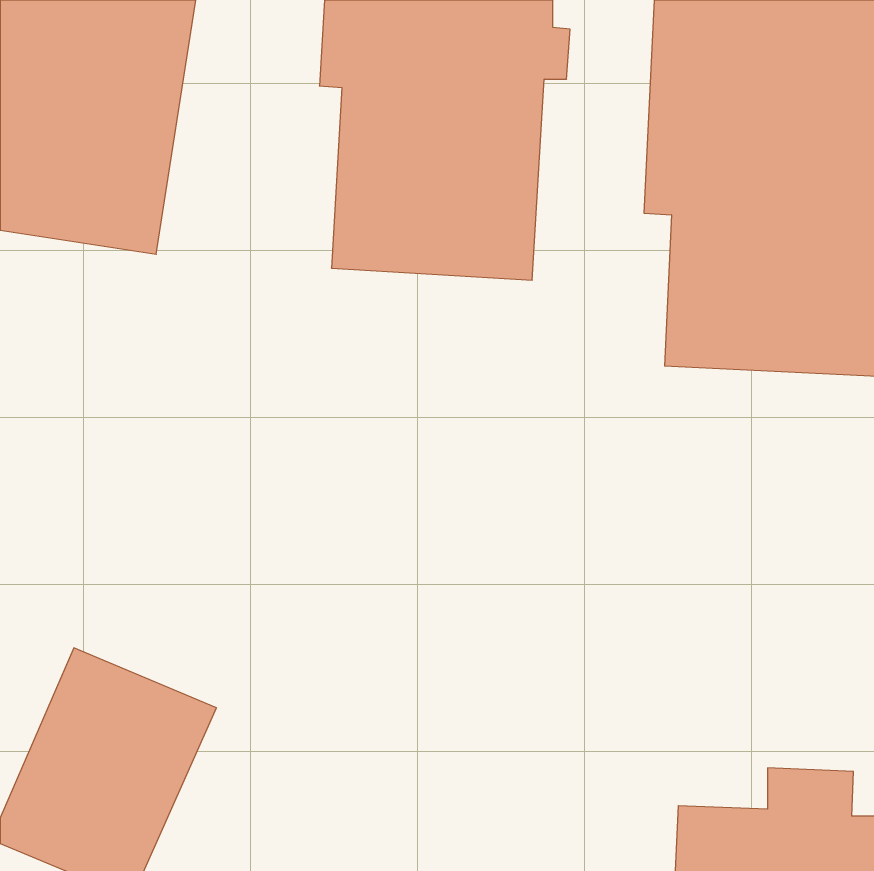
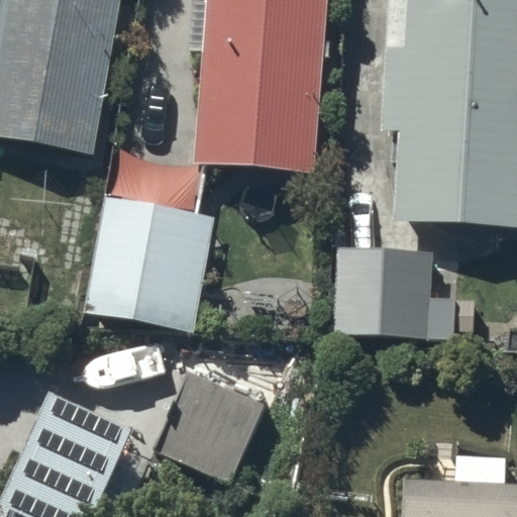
building: none -> [84,153,216,333]
building: none -> [328,246,458,338]
building: none -> [152,372,271,488]

